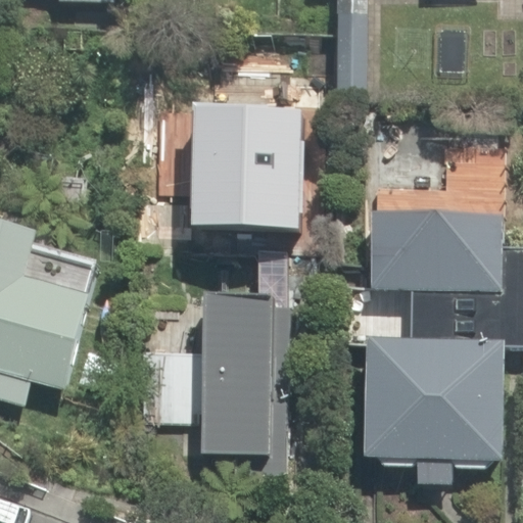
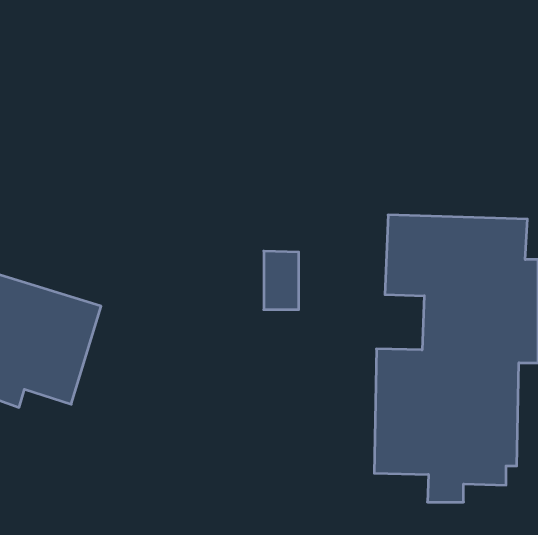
building: [191,114,321,234] -> none
building: [137,301,270,448] -> none

